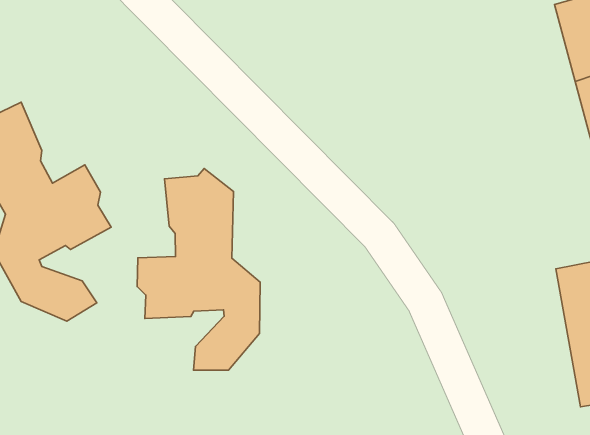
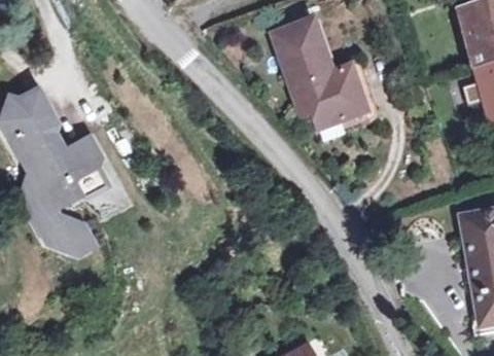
building: none -> [273,19,369,138]
building: [137,168,260,370] -> none

